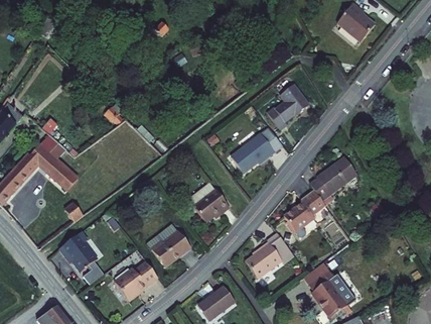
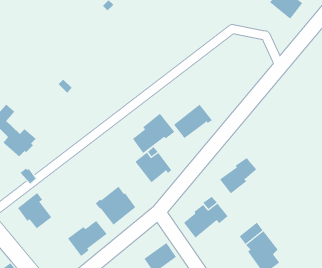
building: [267,85,309,130] -> none
building: none -> [132,113,175,154]
building: [304,154,350,197] -> none

